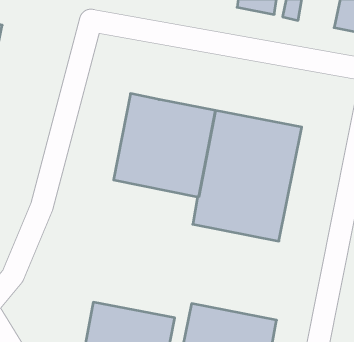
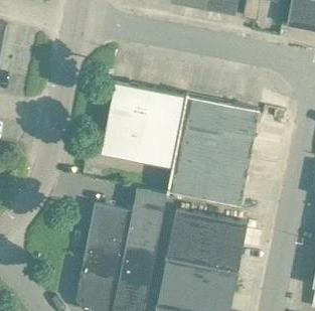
building: none -> [84,187,167,269]
building: none -> [166,208,248,271]

